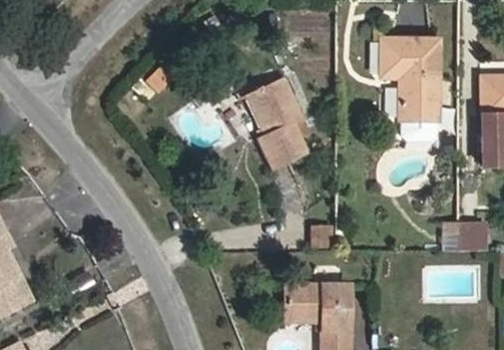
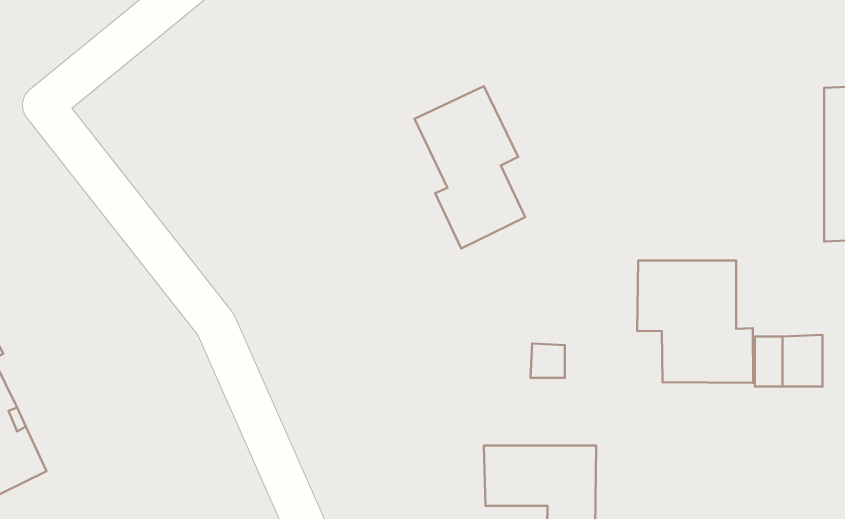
building: [382,40,439,140] -> none
building: none -> [637,260,753,383]

